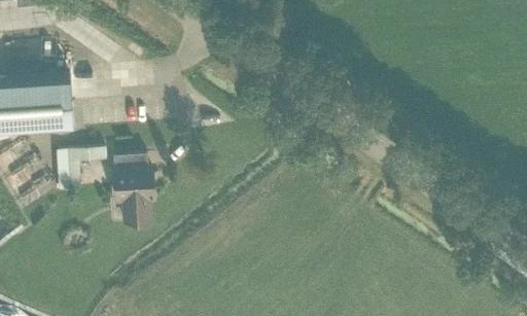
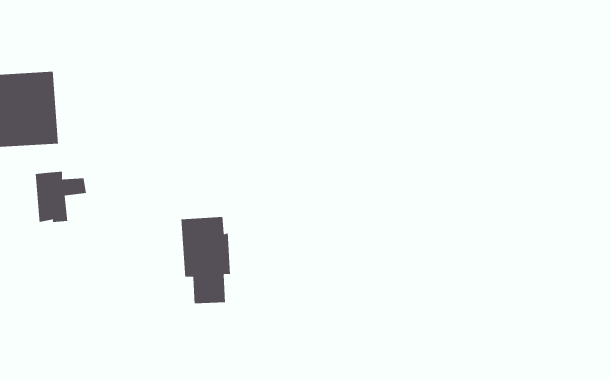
building: [113,152,152,220] -> [180,216,231,304]

